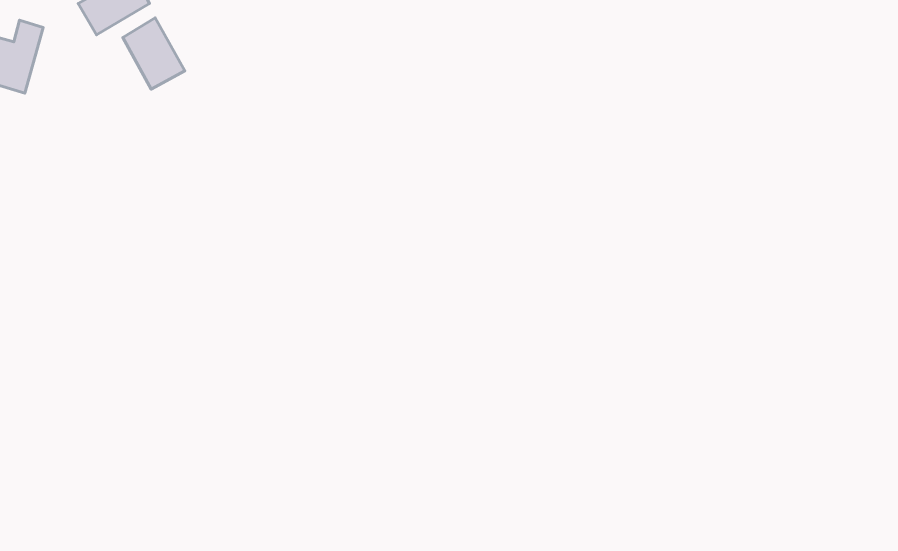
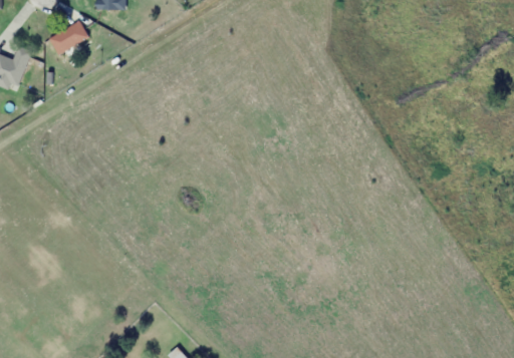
building: [123,18,185,89] -> none

